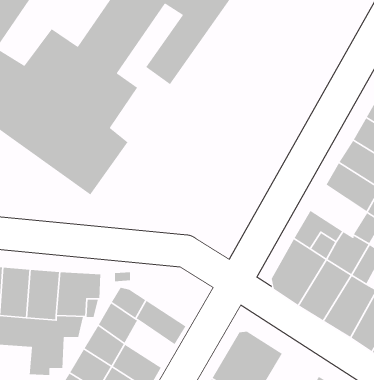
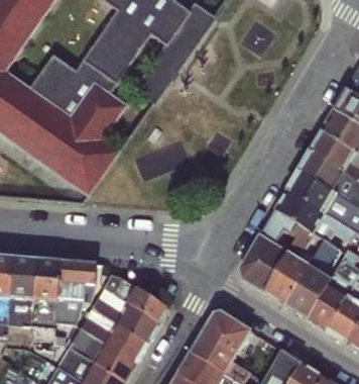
building: none -> [274,187,323,231]
building: none -> [117,302,159,343]

